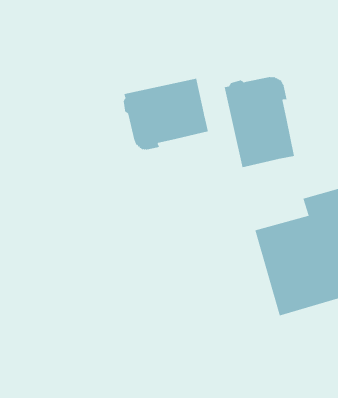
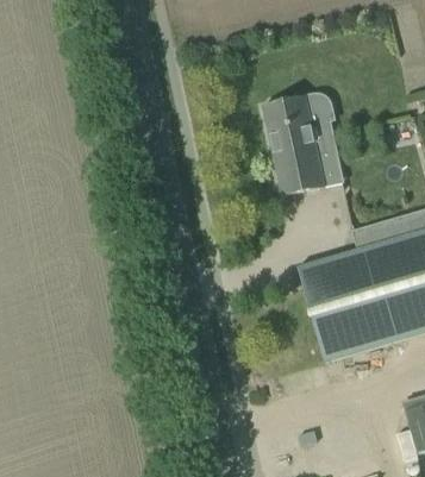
building: [123,78,209,150] -> none

